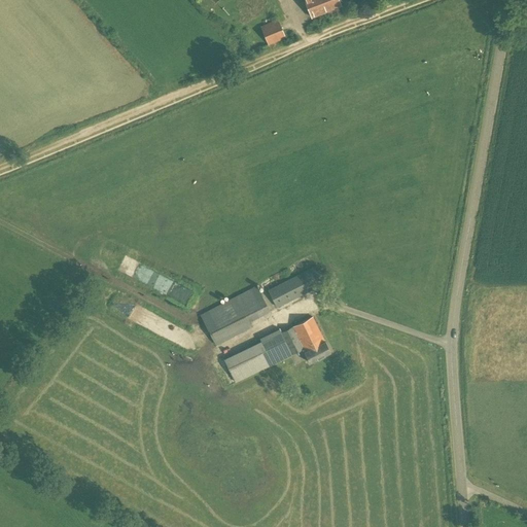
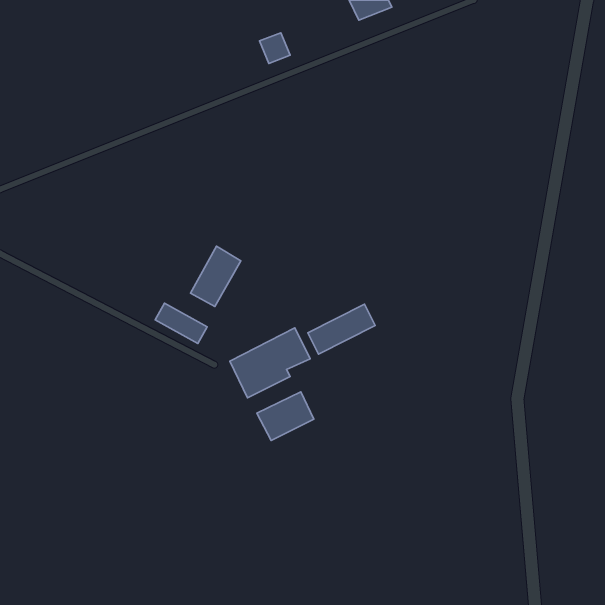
building: [259,19,286,45] -> [259,33,290,63]
building: none -> [190,246,241,307]
building: [261,316,330,363] -> none

